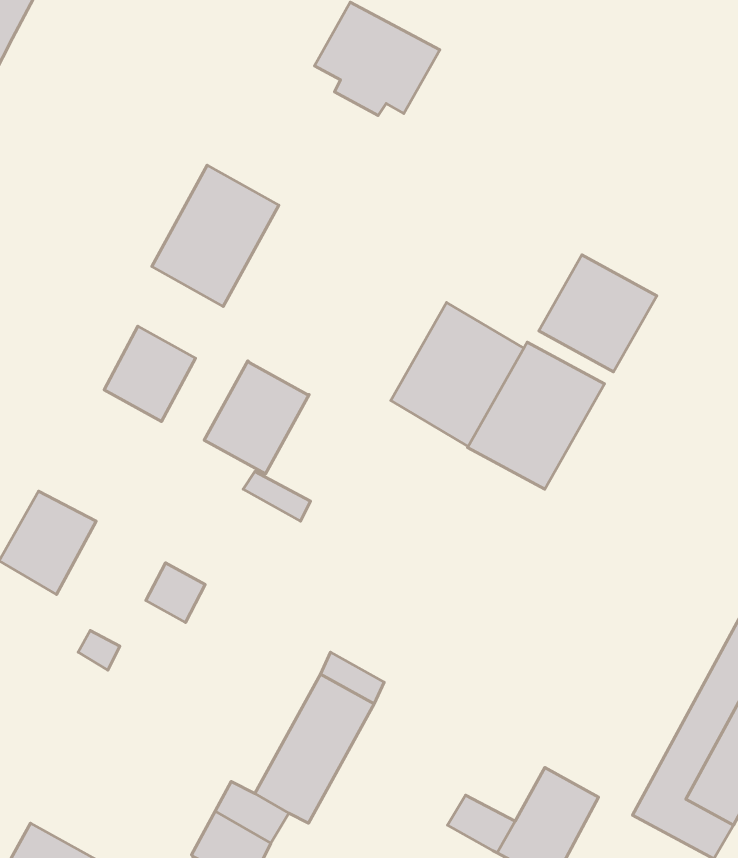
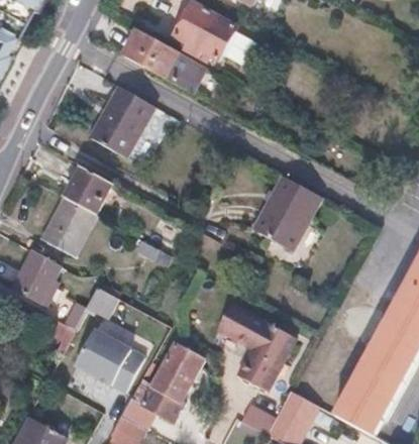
building: none -> [122,29,207,93]
building: [539,255,657,372] -> none
building: [391,302,524,446] -> none
building: [204,361,309,474] -> [41,199,95,256]
building: none -> [221,305,294,391]
building: none -> [75,330,143,392]

